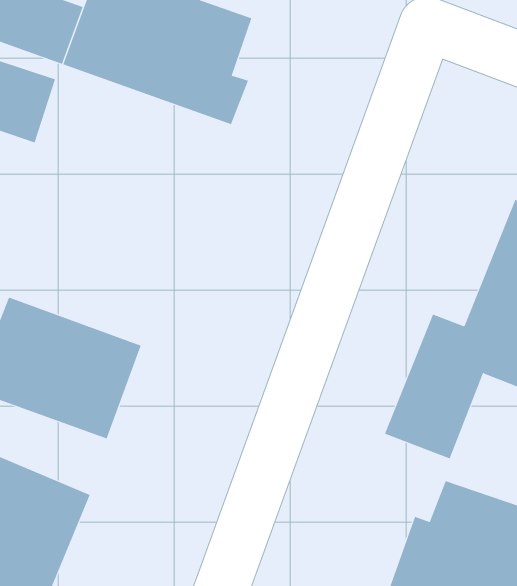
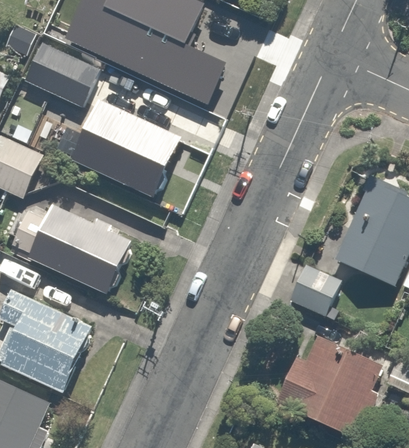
building: none -> [70,101,181,196]

